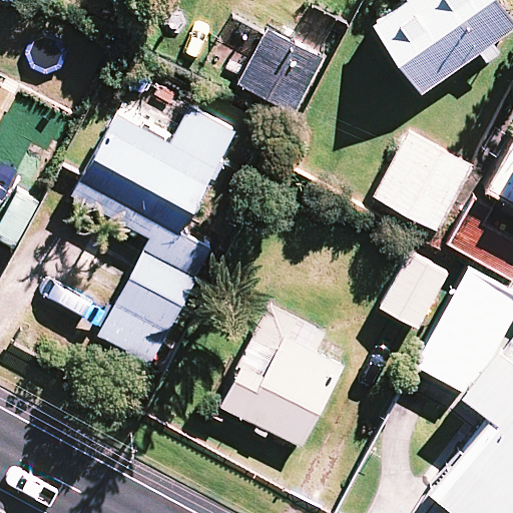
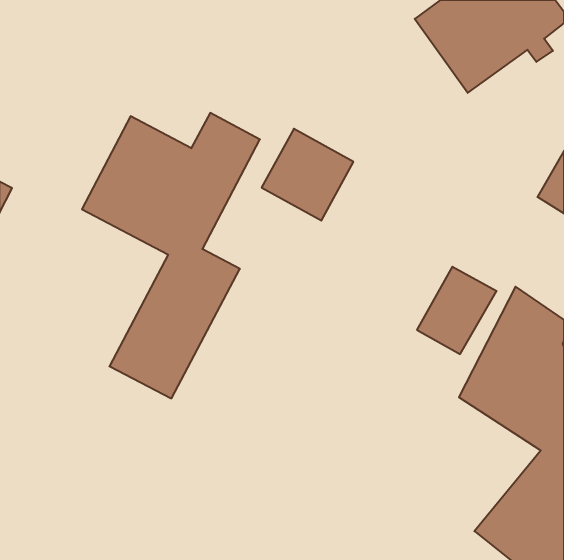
building: [239,29,323,112] -> [262,129,353,221]
building: [375,132,471,228] -> none
building: [220,307,340,445] -> none

